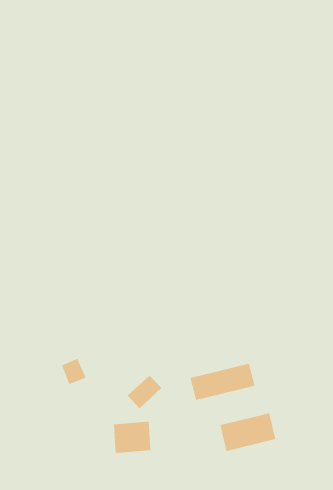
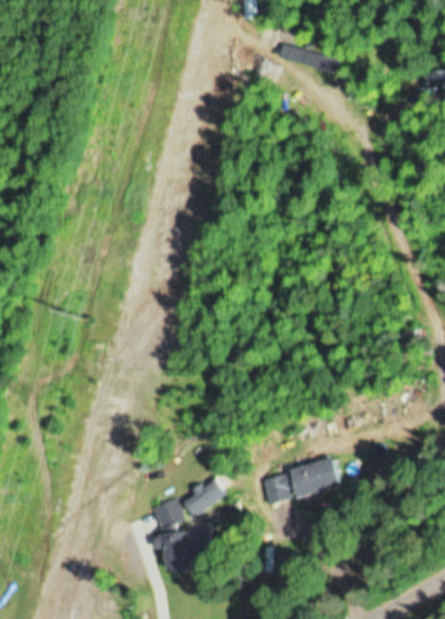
building: [61,358,87,385] -> [154,499,185,532]
building: [220,412,276,452] -> none

